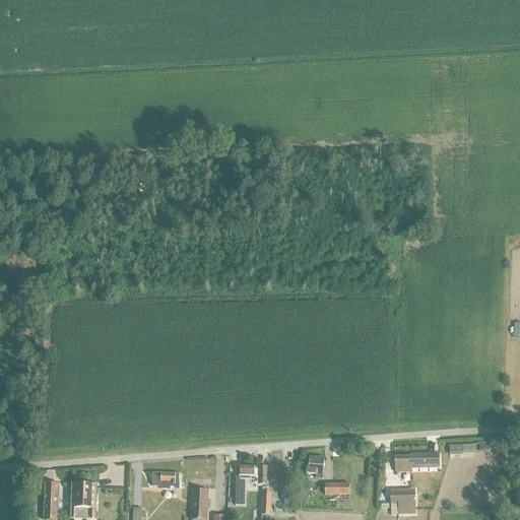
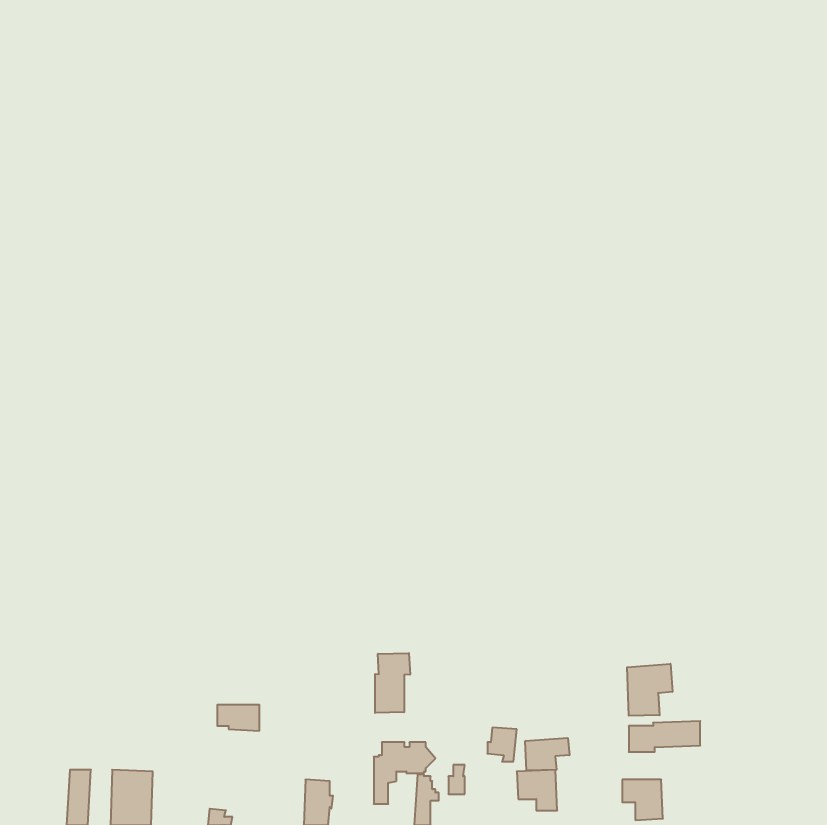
building: none -> [375,653,410,713]
building: none -> [627,664,672,716]
building: none -> [525,738,569,771]
building: [151,471,178,488] -> [217,705,259,731]

